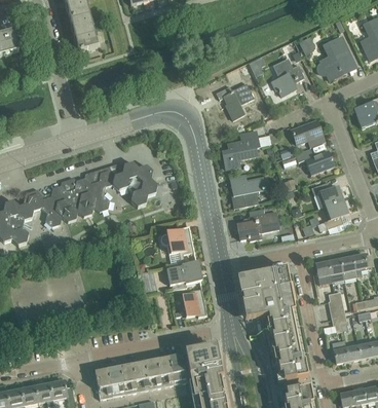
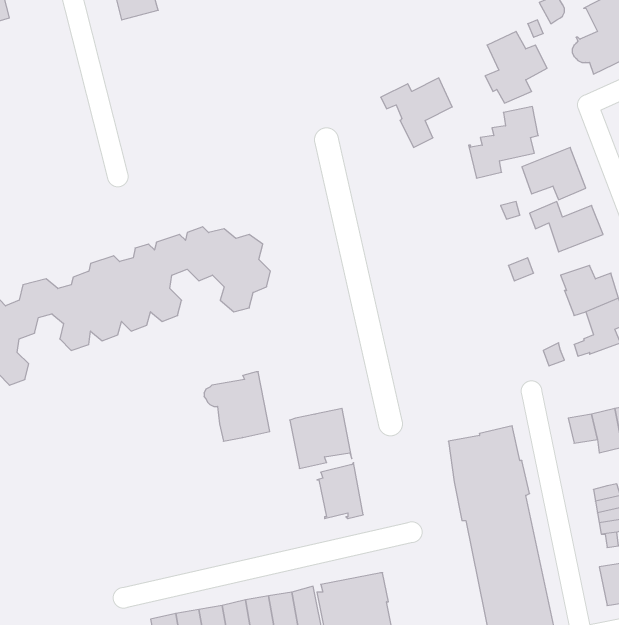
building: [222,129,259,168] -> [469,107,538,178]
building: [230,174,270,207] -> none
building: [237,207,278,239] -> none
building: [160,225,195,262] -> [204,372,270,441]

